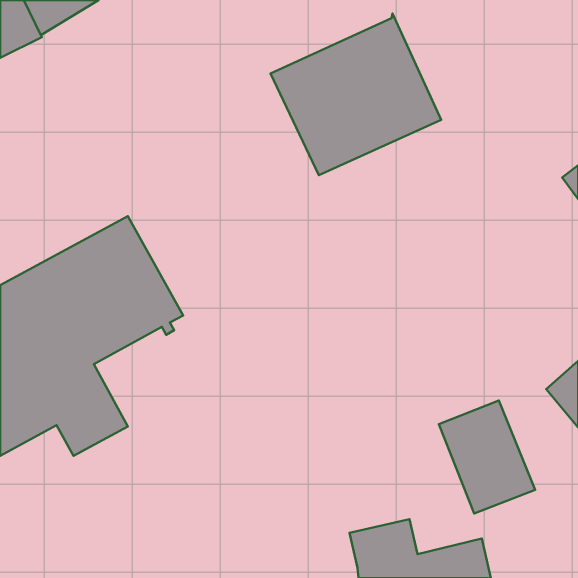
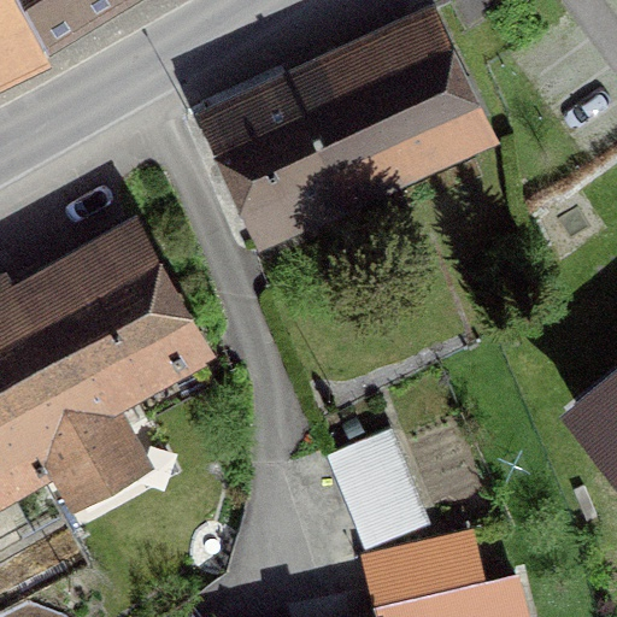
building: none -> [206,78,340,224]
building: [439,401,535,514] -> [327,425,429,546]

